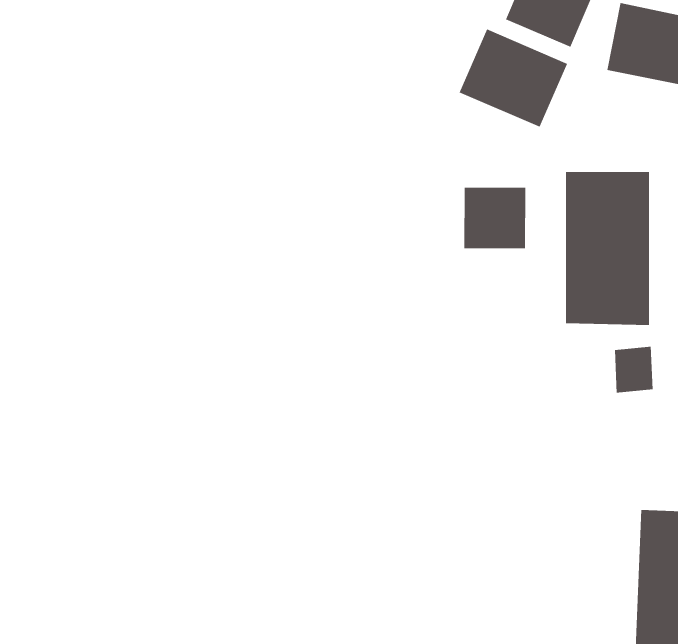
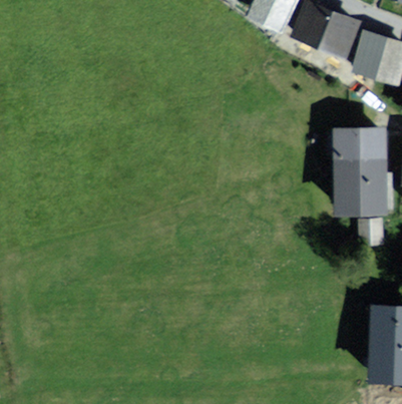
building: [459,29,568,127] -> none
building: [464,187,526,249] -> none

